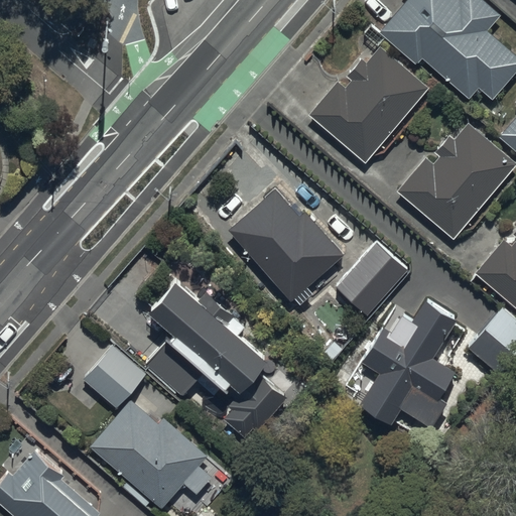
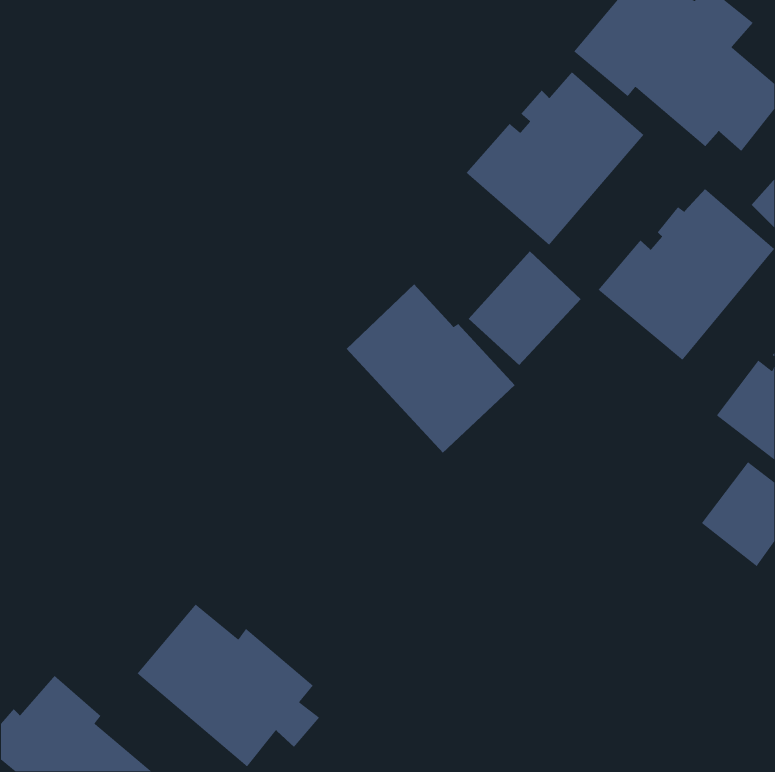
building: [333,240,408,316] -> [468,251,581,366]
building: [148,278,284,431] -> none
building: [358,301,460,429] -> none
building: [85,346,145,406] -> none

